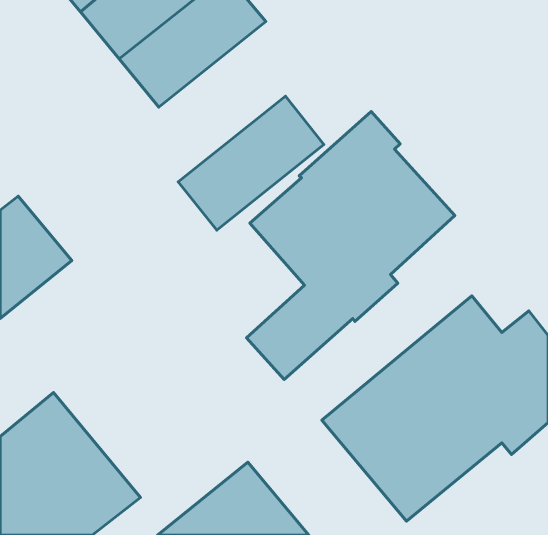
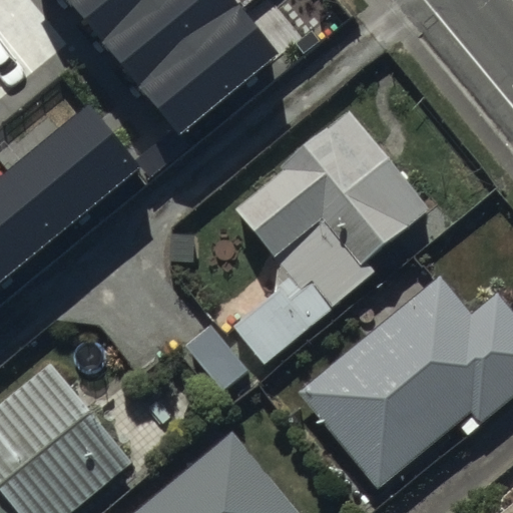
building: [178,96,324,230] -> [148,20,285,145]
building: none -> [17,118,146,243]

